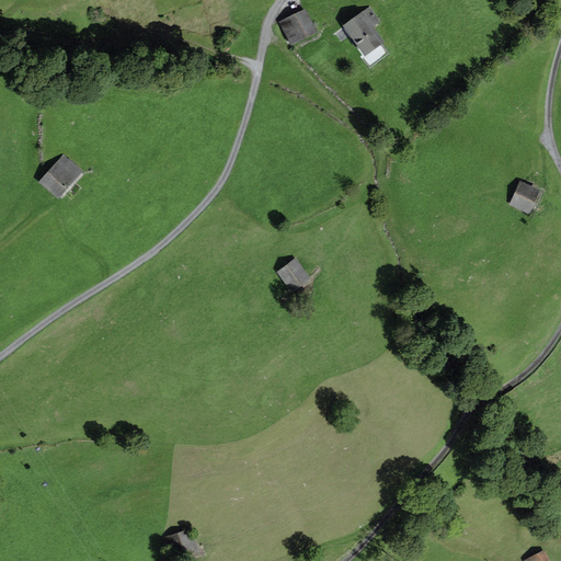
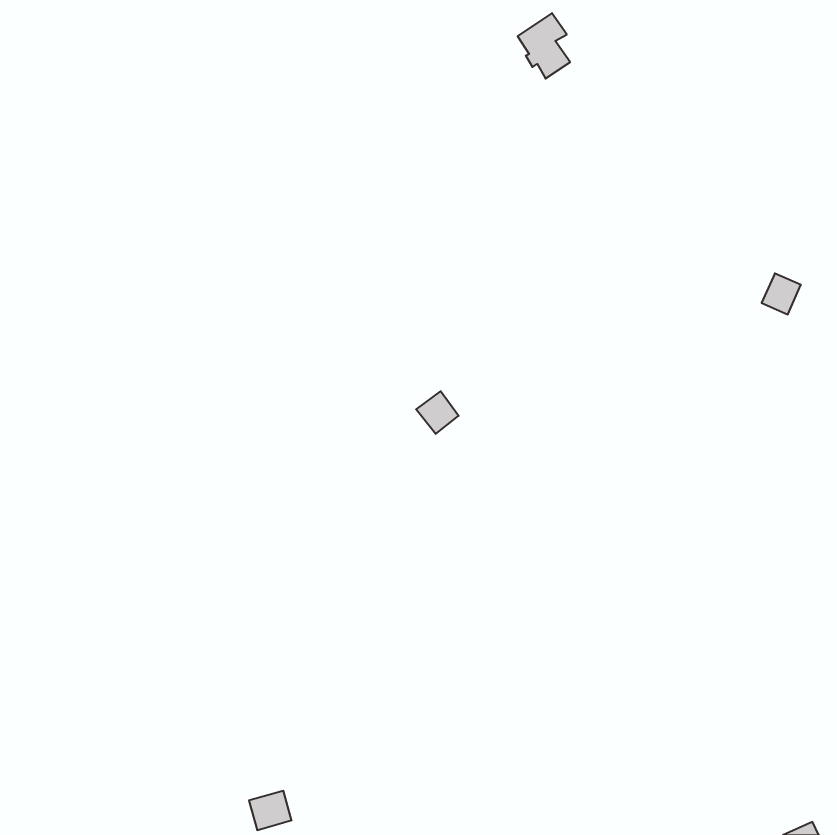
building: [283,10,316,42] -> none
building: [41,163,78,195] -> none

